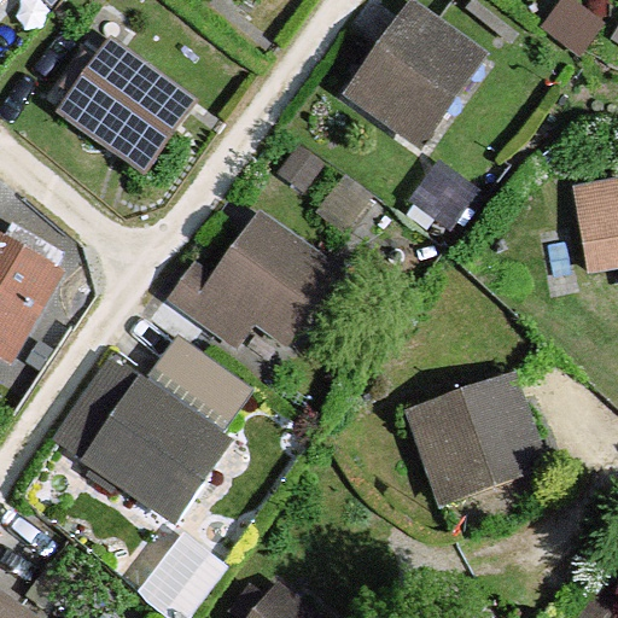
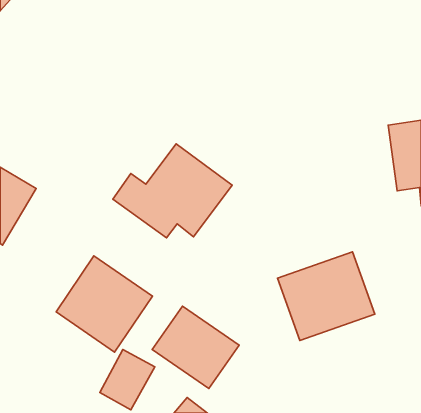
building: [348,6,484,150] -> none
building: [58,35,192,168] -> none
building: none -> [152,306,239,389]

